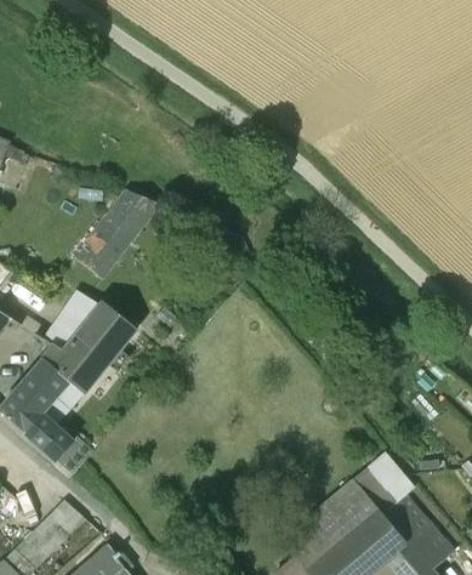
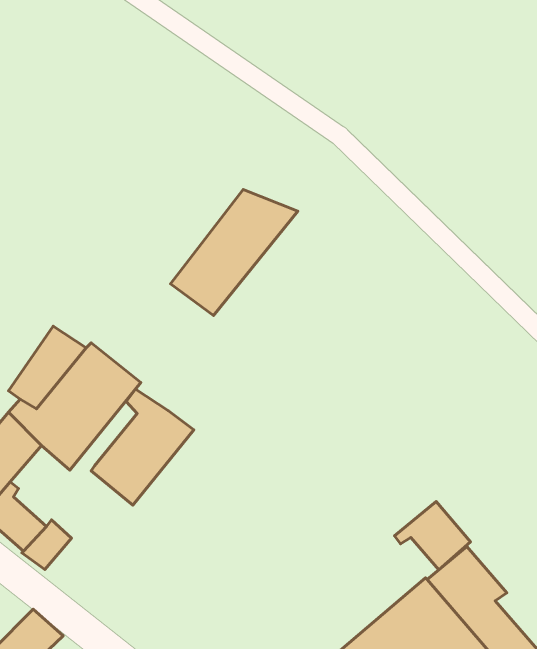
building: [73,190,166,283] -> [170,190,298,315]
building: none -> [91,389,194,505]
building: none -> [395,501,470,570]

